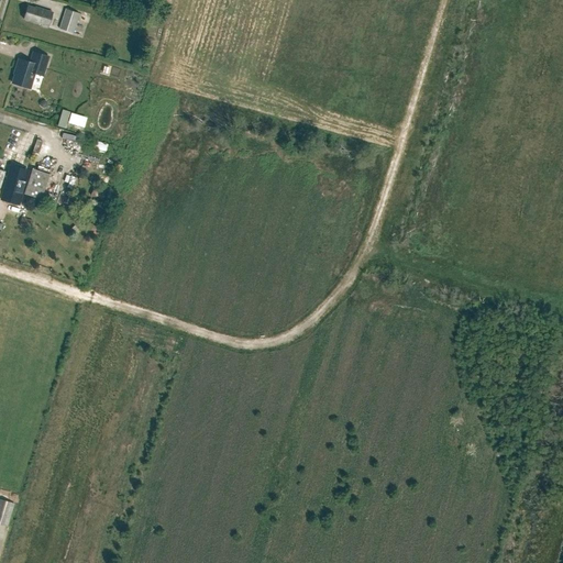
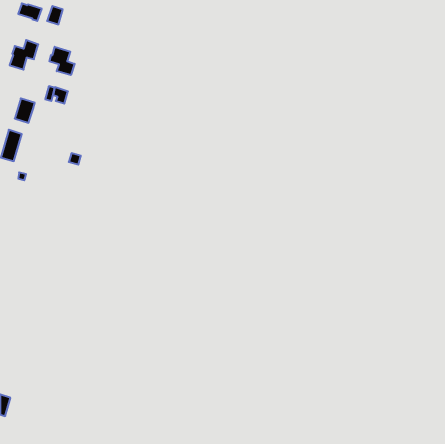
building: none -> [49,47,75,75]
building: [23,167,48,198] -> [15,98,35,123]

